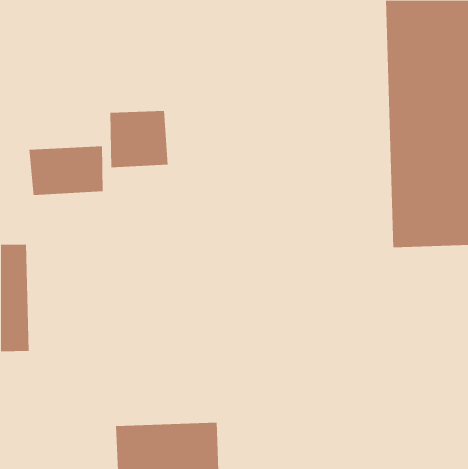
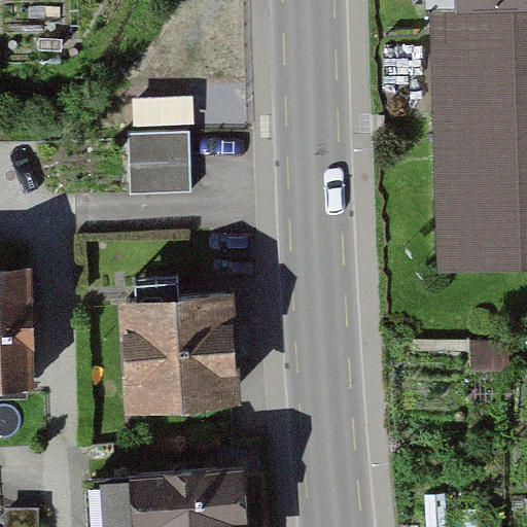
building: [29,146,103,196] -> none
building: none -> [99,289,223,409]

